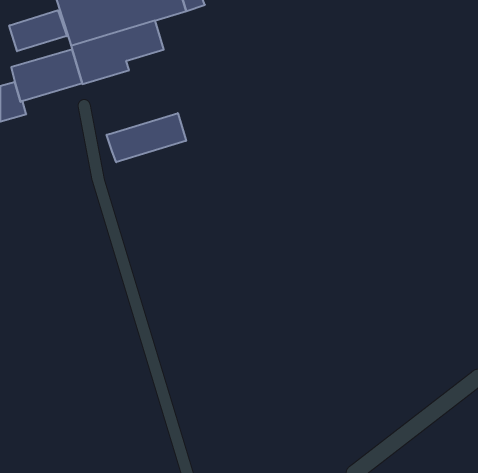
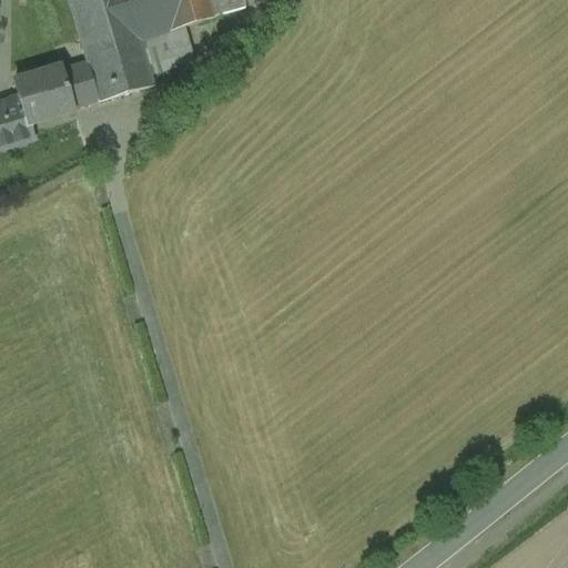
building: [9,10,67,51] -> none
building: [107,113,186,162] -> none

